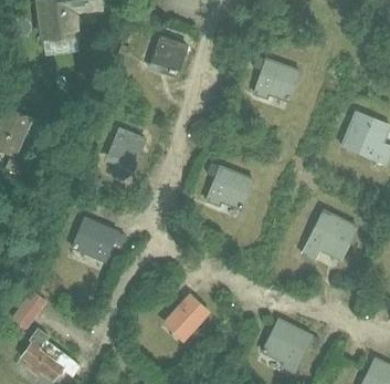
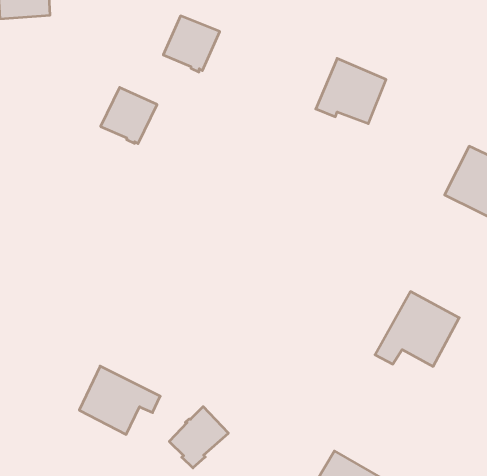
building: [108,128,145,165] -> [101,87,157,144]
building: [205,166,252,209] -> none
building: [72,217,125,261] -> [79,366,160,434]

